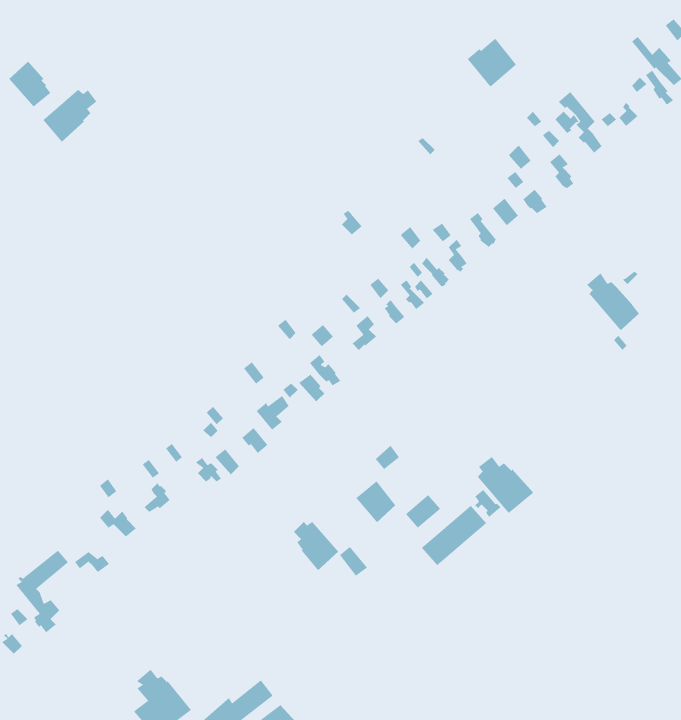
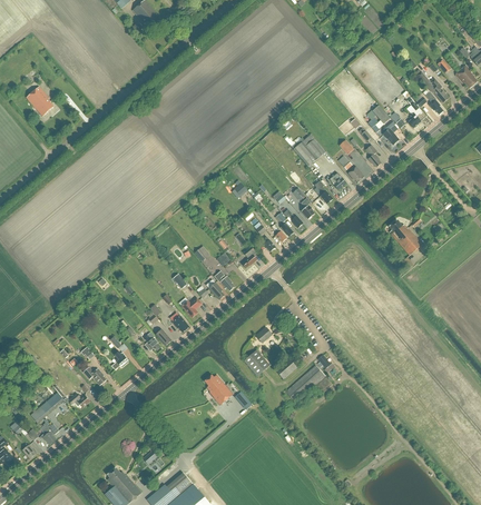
building: [467,38,517,88] -> [294,136,325,167]
building: [43,89,97,143] -> none
building: [477,456,534,514] -> none

